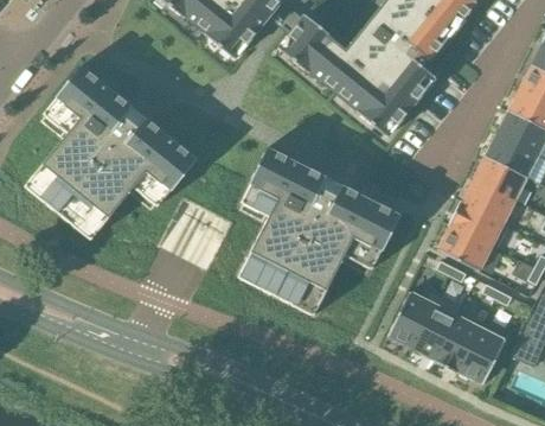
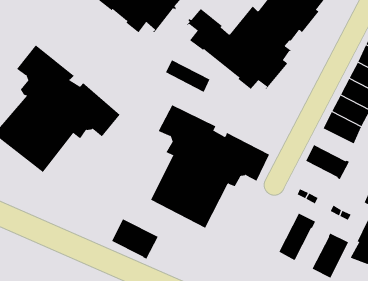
building: none -> [165,60,210,92]
building: [463,178,517,222] -> none
building: [438,223,493,269] -> none
building: [389,287,441,346] -> none
building: none -> [111,218,158,260]
building: [435,314,481,373] -> none

